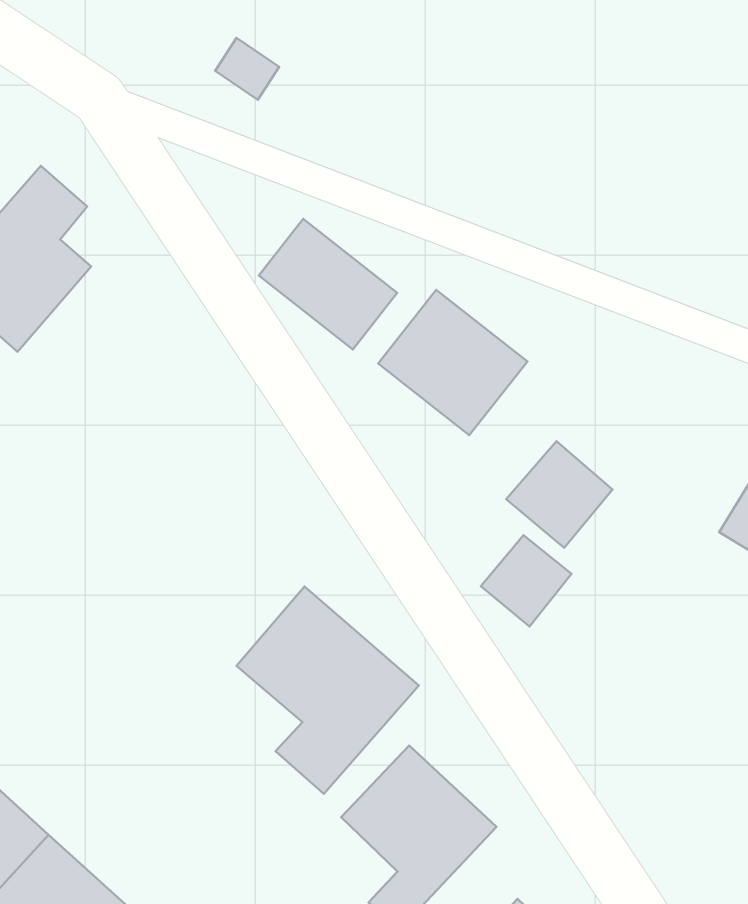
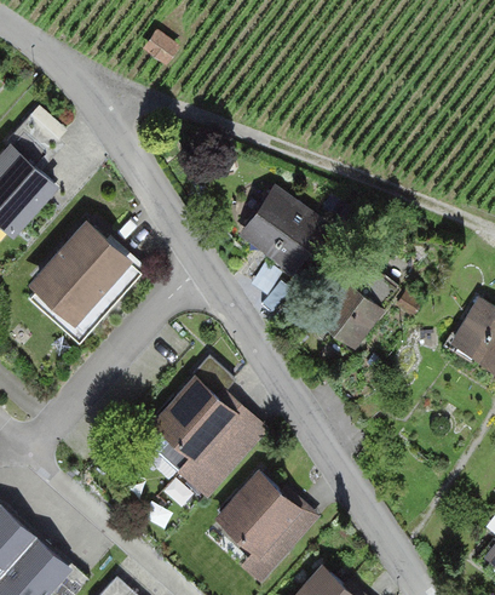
building: [259,219,397,349] -> none
building: none -> [25,223,128,327]
building: [481,535,572,627] -> none

